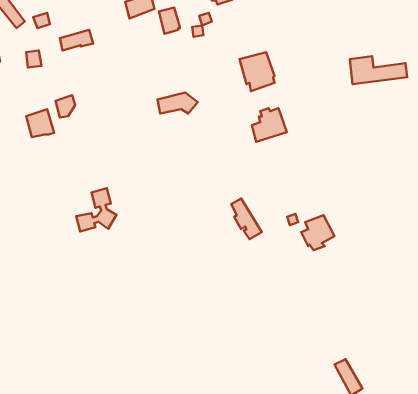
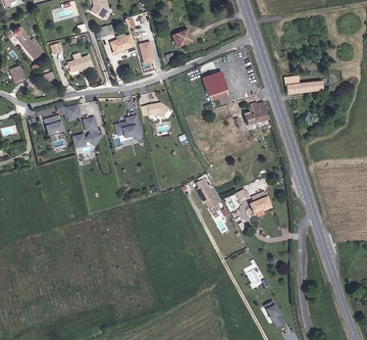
building: [252,108,287,142] -> [241,102,266,127]
building: none -> [112,114,143,140]
building: [76,188,117,231] -> [72,116,102,148]

